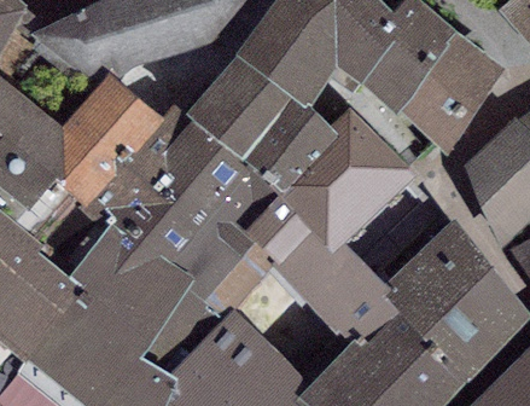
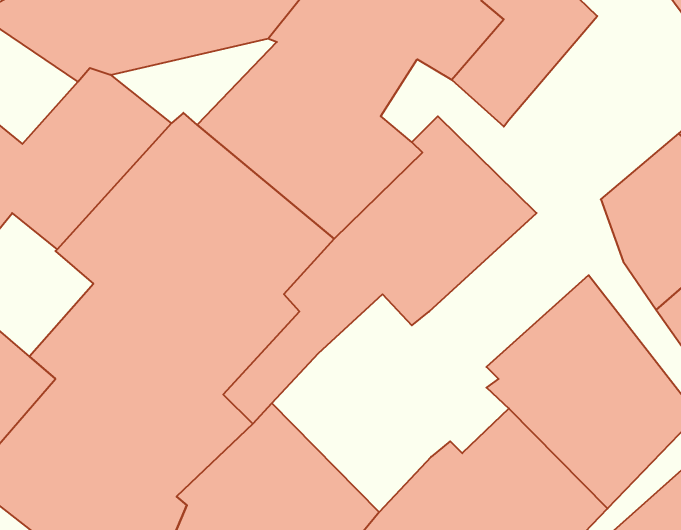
building: [400,37,505,155] -> none
building: [267,232,400,346] -> none

